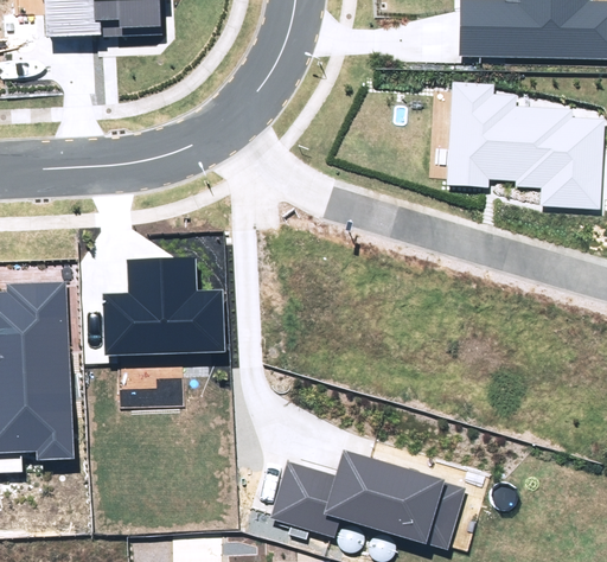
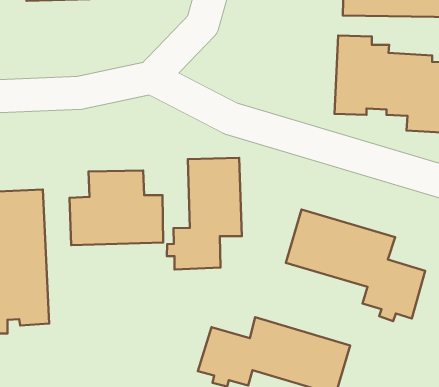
building: none -> [167,158,242,270]
building: none -> [286,210,425,321]

